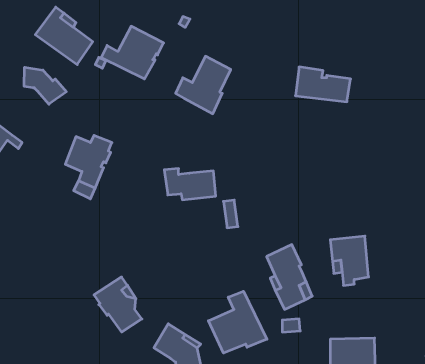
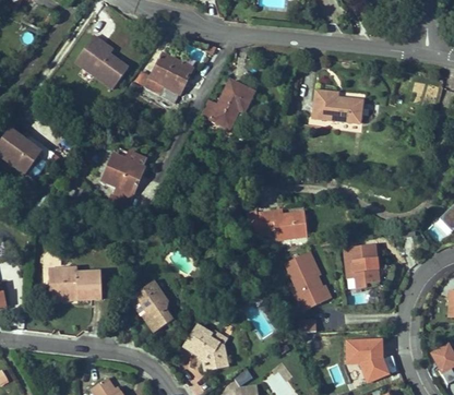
building: [24,67,66,104] -> none
building: [164,169,216,200] -> [260,210,307,238]
building: none -> [49,267,101,299]
building: [208,291,267,353] -> none

